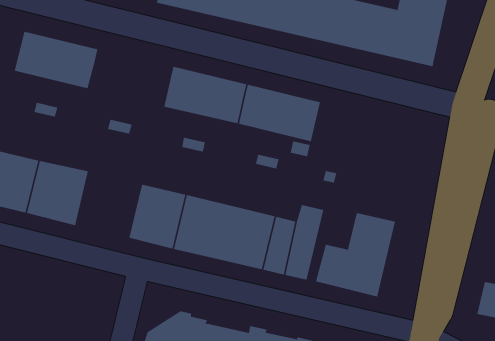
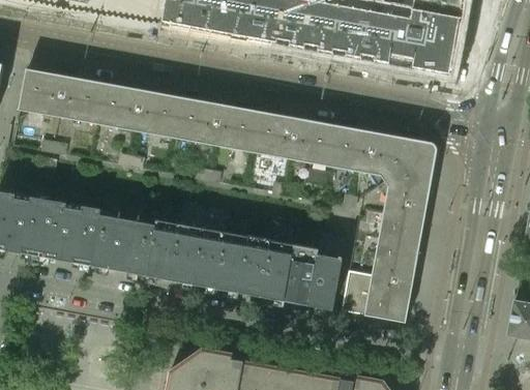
building: none -> [96,82,182,138]
building: none -> [329,124,435,243]
building: none -> [91,213,155,274]

